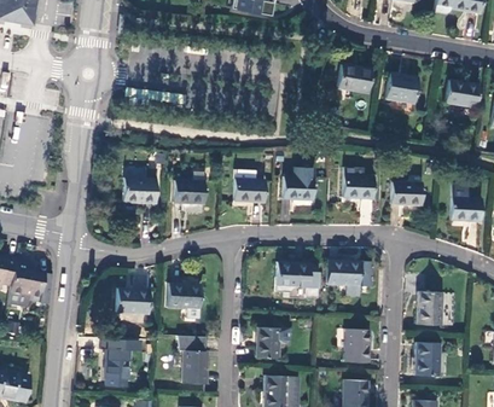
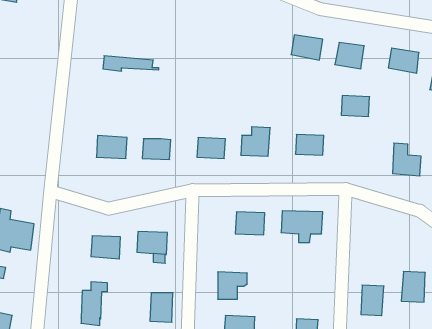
building: [390,181,422,204] -> [341,96,370,116]
building: [415,291,442,325] -> [401,272,425,302]
building: [344,328,368,362] -> none

